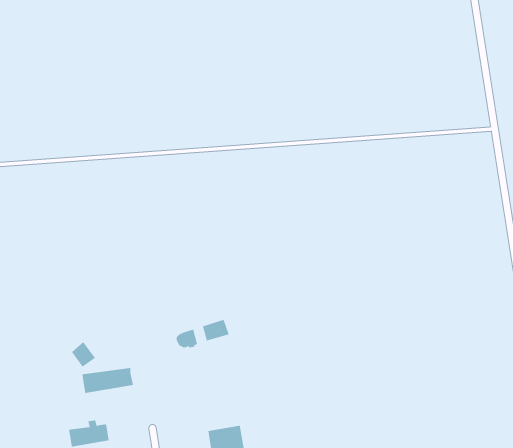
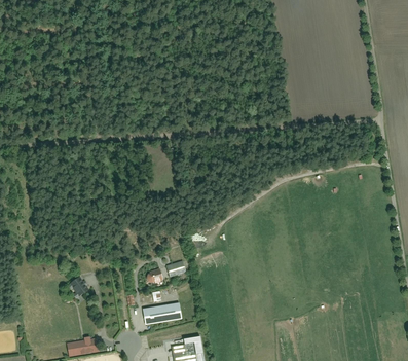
building: [82,367,134,394] -> [145,303,184,323]

